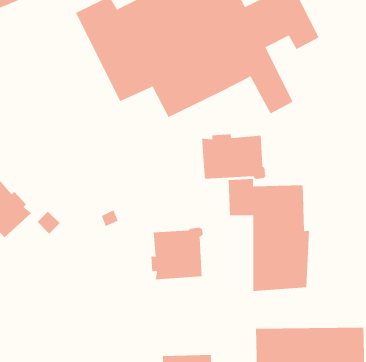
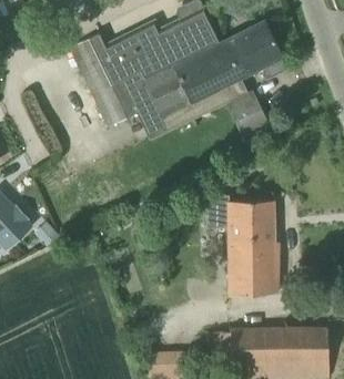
building: [202,133,266,180] -> none
building: [151,227,203,280] -> none

